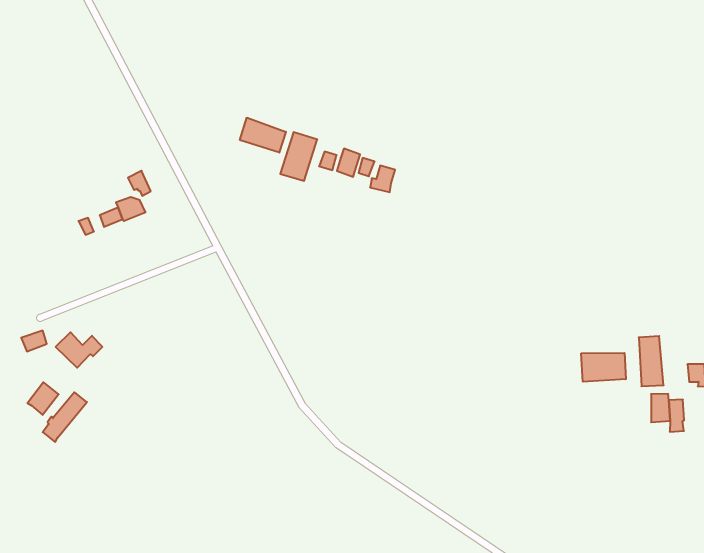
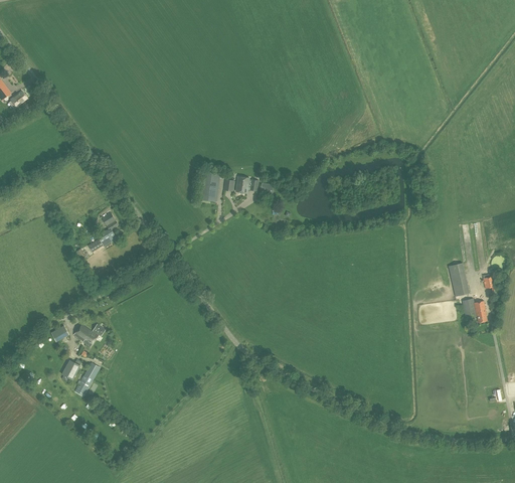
building: [240,118,286,153] -> none
building: [581,353,626,382] -> none

